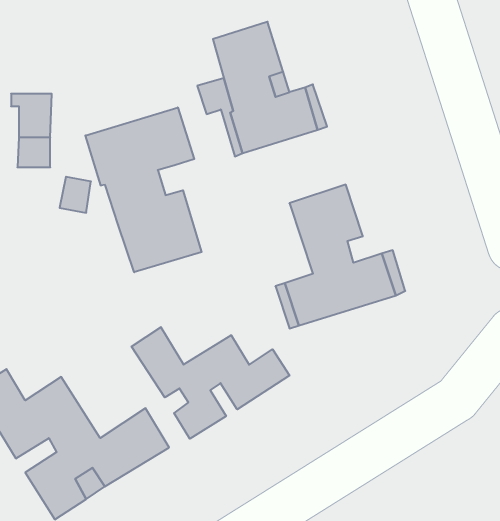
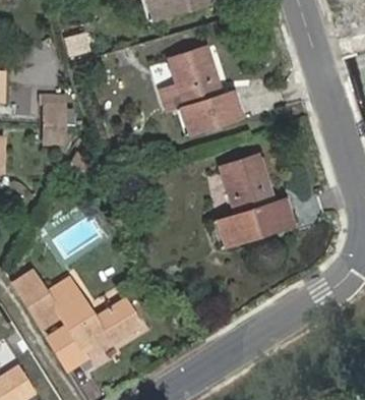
building: [85,107,202,272] -> none
building: [132,327,289,439] -> none

